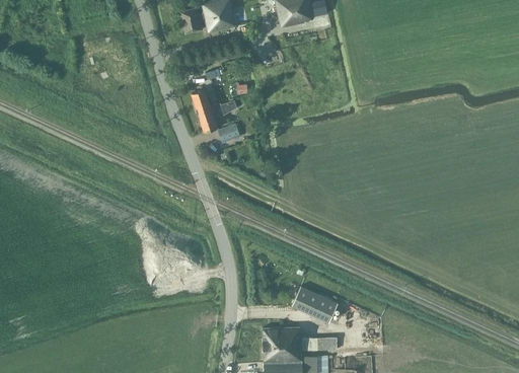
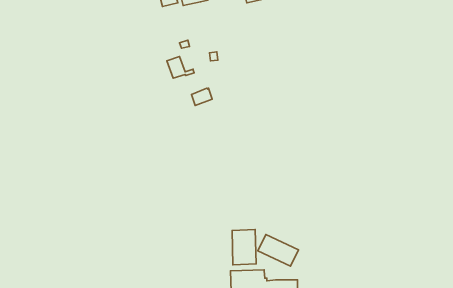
building: [198,99,236,132] -> none
building: none -> [232,229,256,265]

